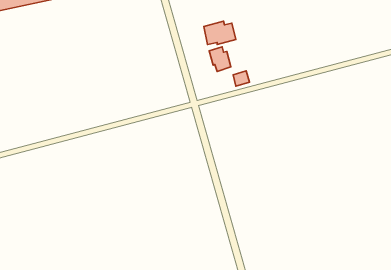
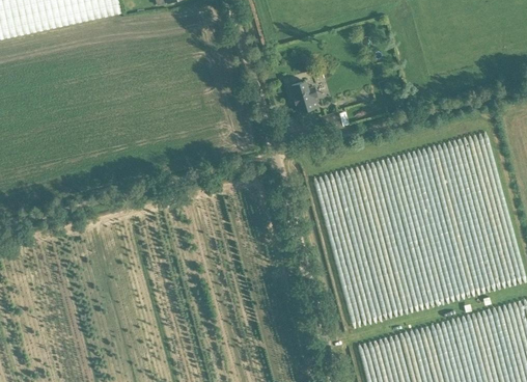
building: [204,21,236,45] -> none

